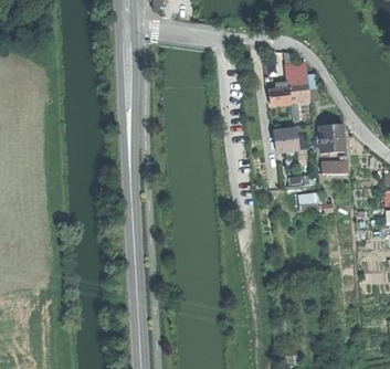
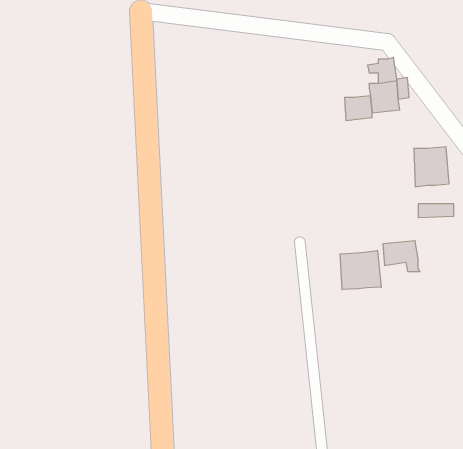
building: [275,126,299,154] -> none
building: none -> [340,250,381,290]

